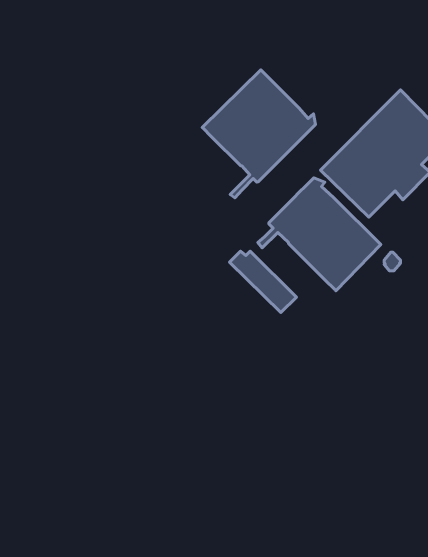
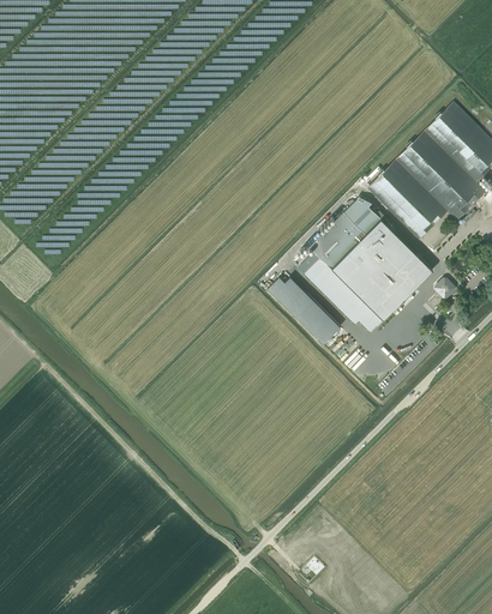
building: [202,70,315,198] -> none
building: none -> [302,257,382,331]

